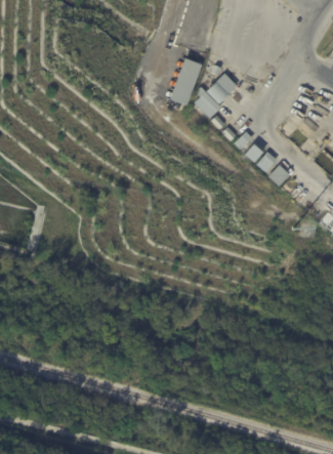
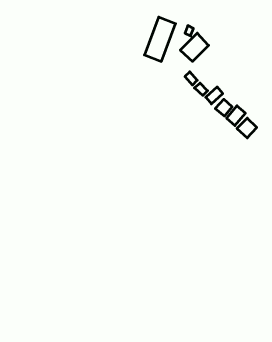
building: [195,88,221,119] -> none

